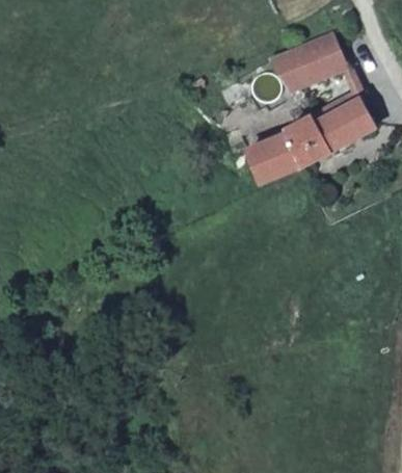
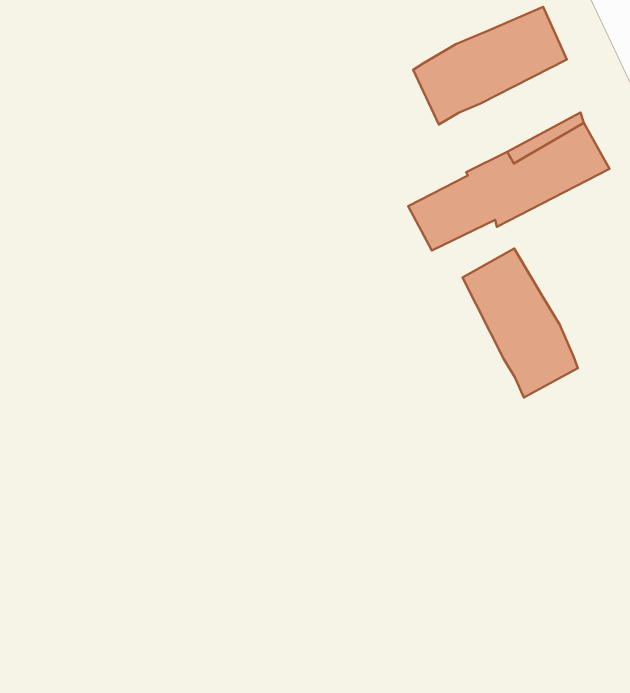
building: none -> [463,248,578,398]

